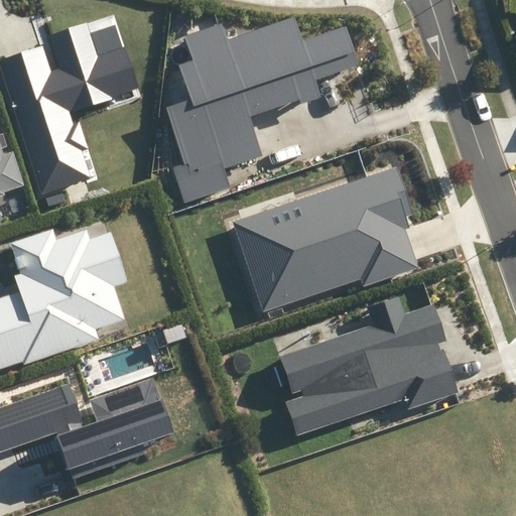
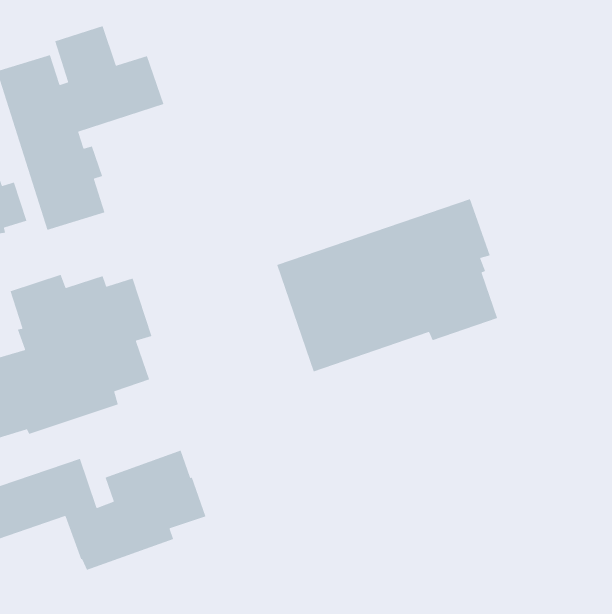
building: [163,18,355,203] -> none
building: [279,296,457,435] -> none

